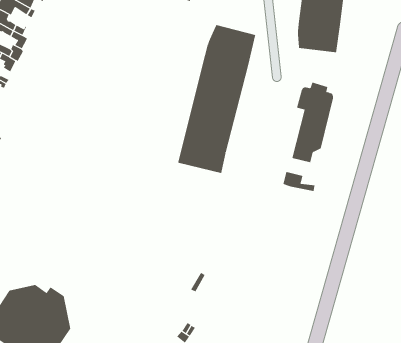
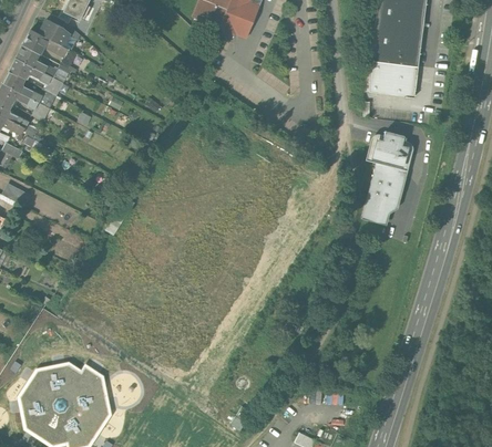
building: [177,24,256,174] -> none
building: [283,171,315,192] -> none

